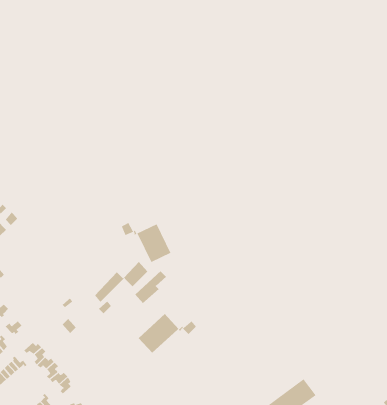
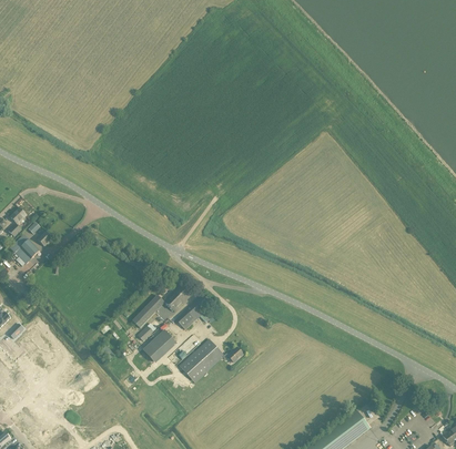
building: [121,222,171,263] -> none
building: none -> [142,329,176,363]

